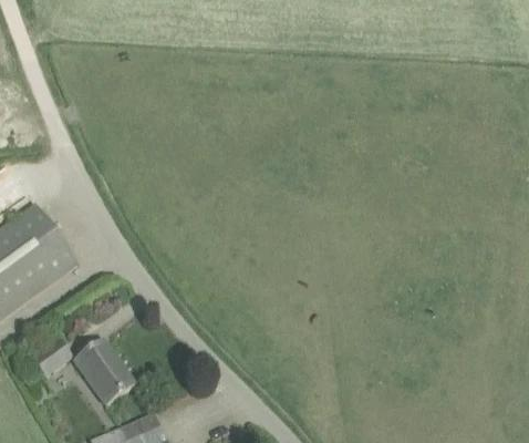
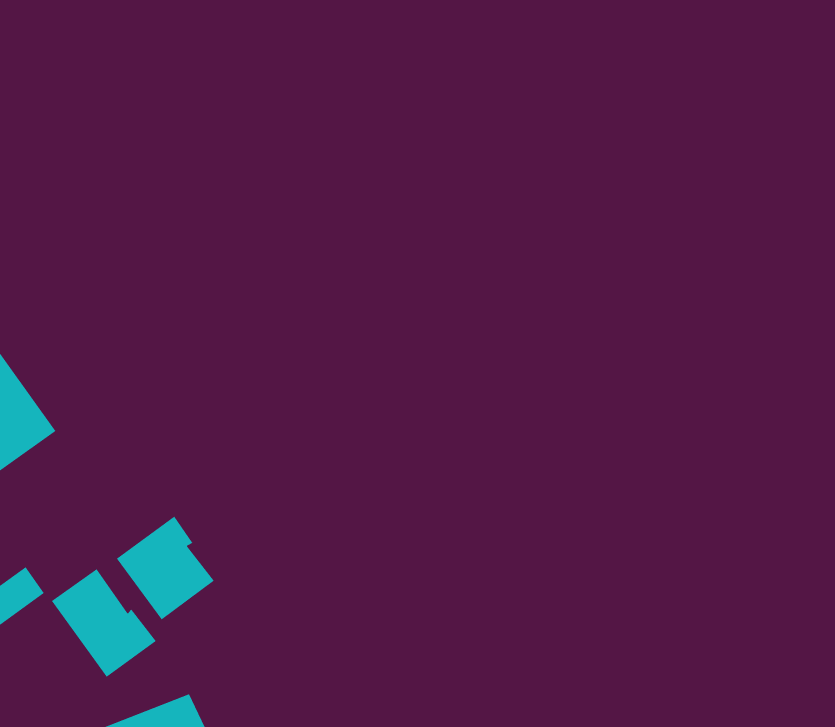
building: none -> [116,516,215,620]

